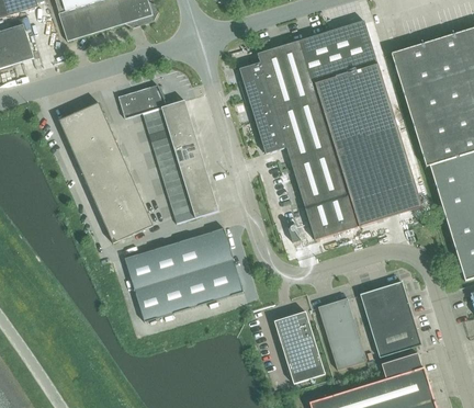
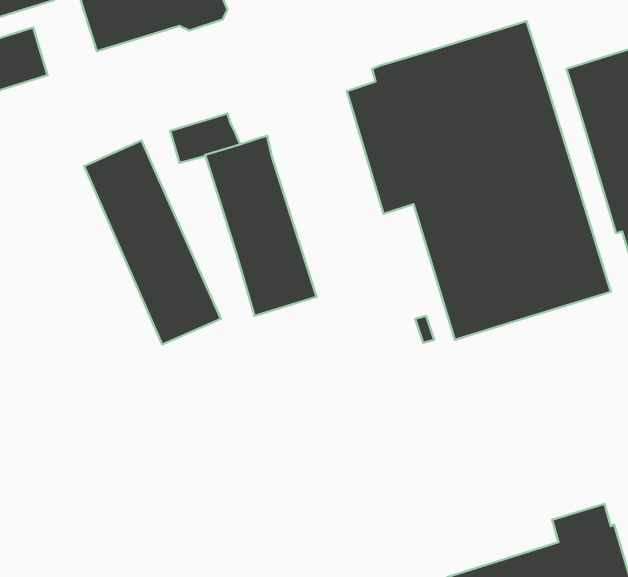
building: [125,227,244,321] -> none
building: [360,281,421,358] -> none
building: [318,297,368,370] -> none
building: [274,310,326,384] -> none

